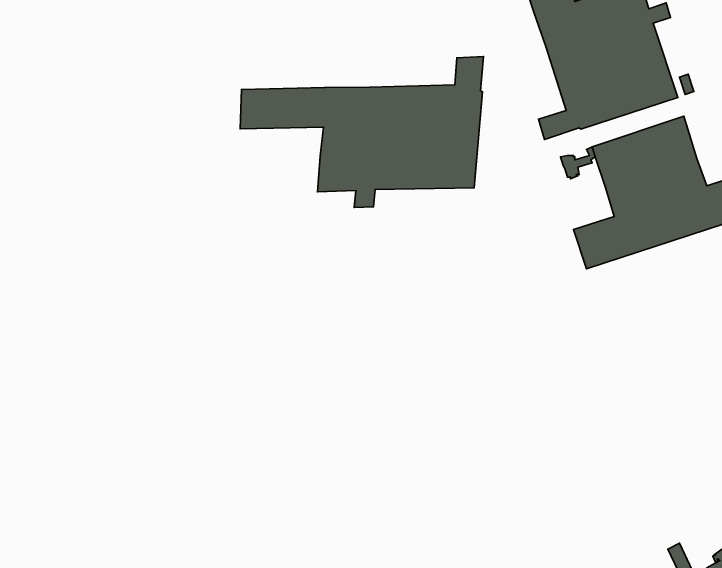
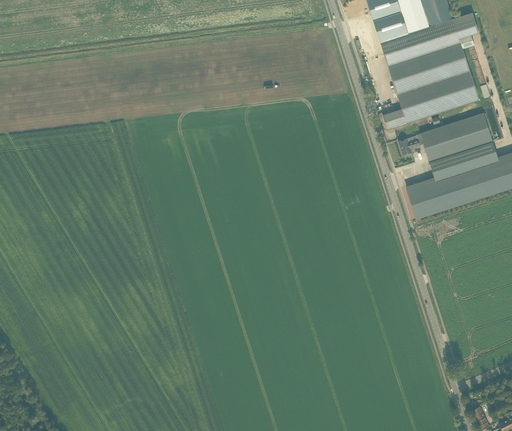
building: [240,56,484,208] -> none

